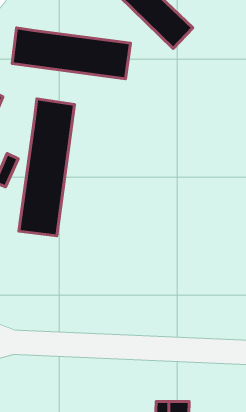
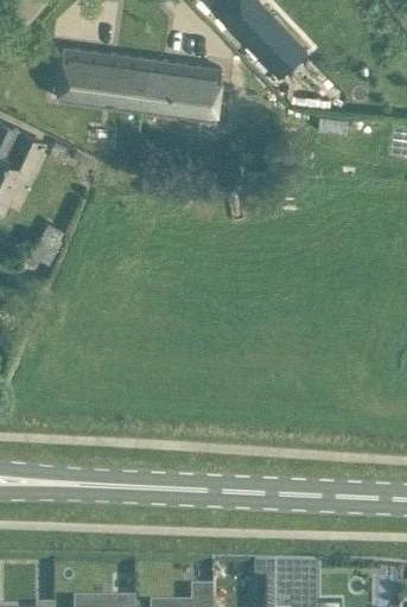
building: [19,99,74,236] -> none

